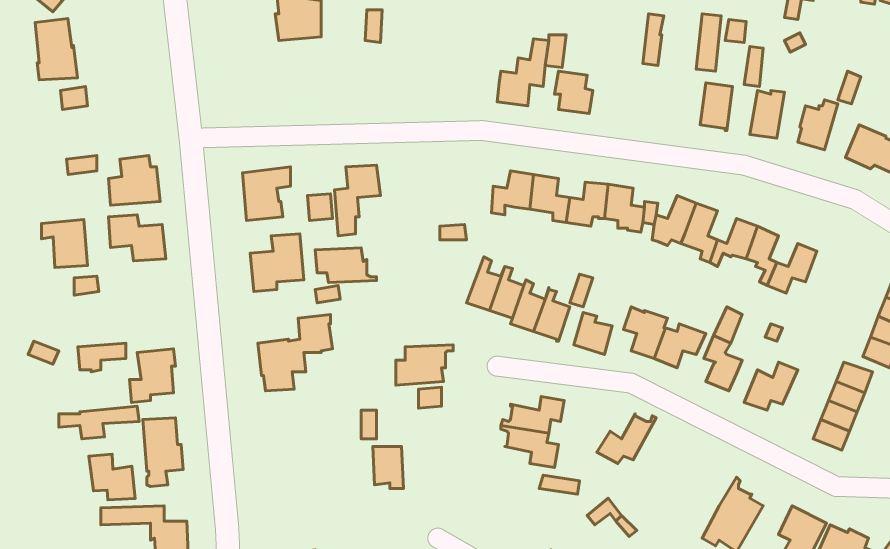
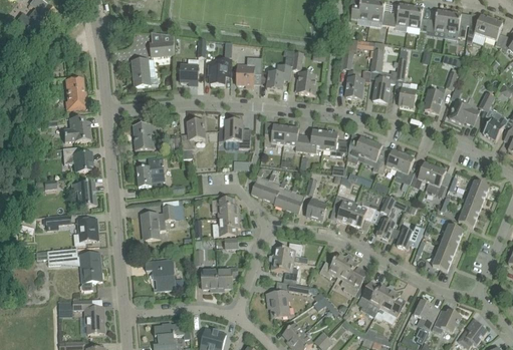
building: [35,19,77,80] -> [64,76,86,108]
building: none -> [236,56,261,84]
building: none -> [132,57,158,85]
building: none -> [180,57,198,82]
building: none -> [208,57,231,83]
building: none -> [345,69,369,98]
building: none -> [225,120,250,147]
building: [42,220,88,267] -> [71,181,95,206]
building: [315,248,376,282] -> [211,198,243,216]
building: none -> [425,165,446,197]
building: none -> [337,253,367,295]
building: none -> [146,258,184,292]
building: none -> [216,266,237,290]
building: [89,454,135,500] -> none
building: none -> [357,280,392,316]
building: none -> [266,290,289,316]

